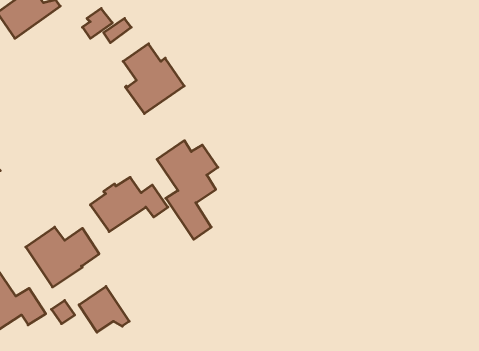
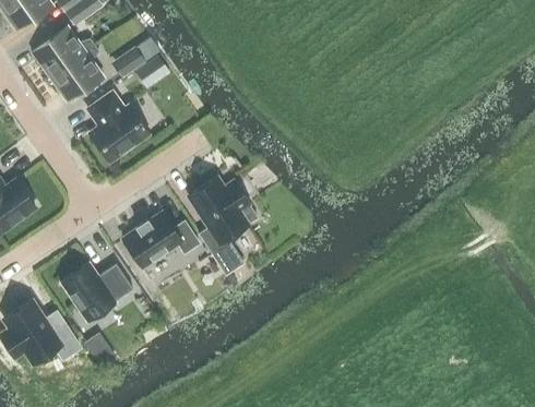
building: none -> [50,45,104,101]
building: [123,44,184,114] -> [88,92,148,160]
building: [79,286,129,332] -> none

